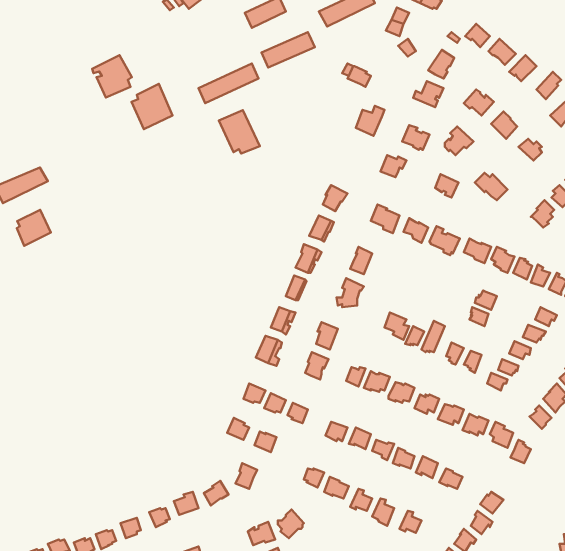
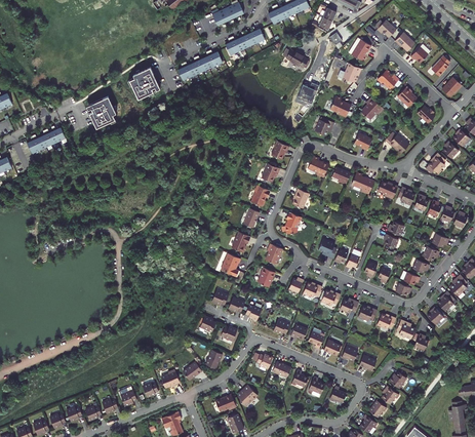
building: [92,55,132,98] -> [84,95,114,127]
building: [219,110,260,154] -> none
building: [17,210,51,246] -> none

